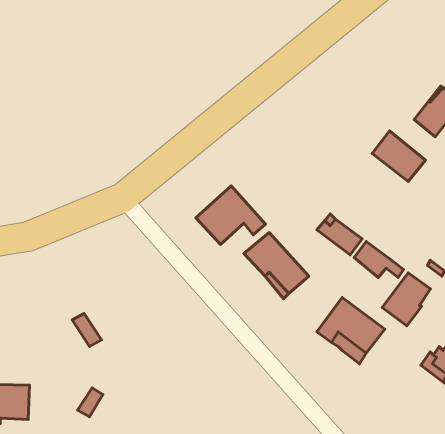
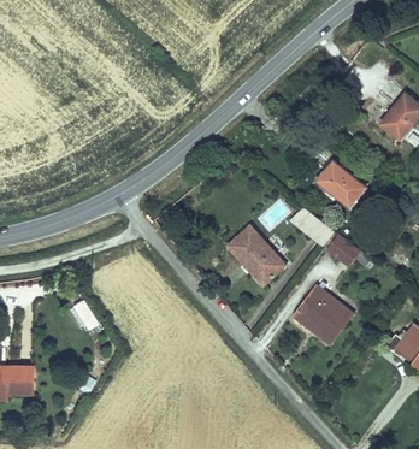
building: [372,131,425,181] -> [317,160,365,206]
building: [196,186,266,245] -> none
building: [382,273,431,326] -> none

